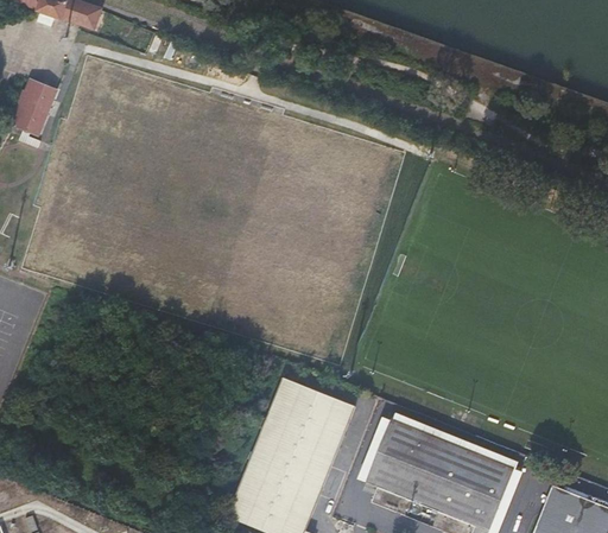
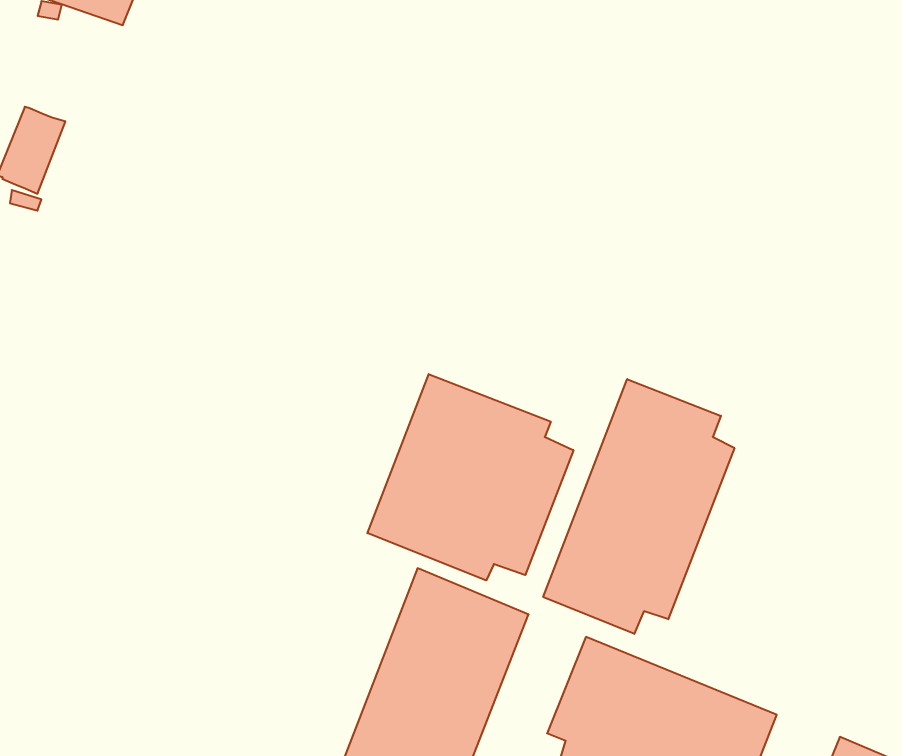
building: none -> [367,374,573,580]
building: none -> [543,379,734,634]

